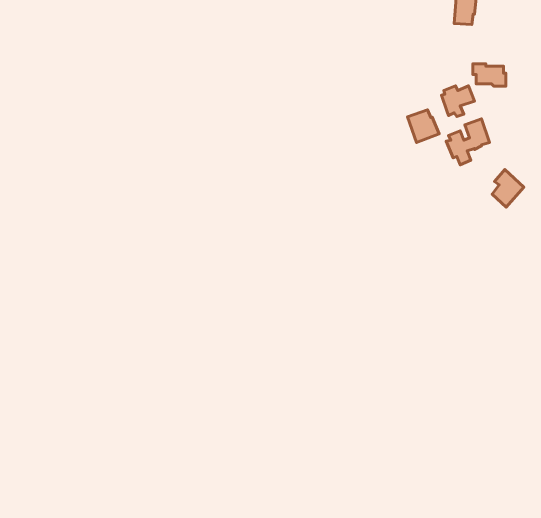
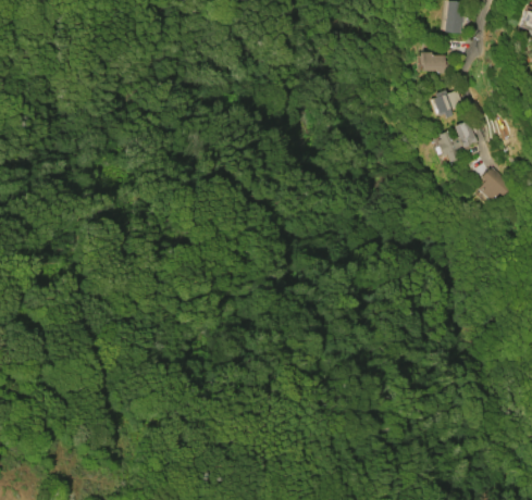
building: [473,64,506,86] -> [418,53,448,74]
building: [408,110,439,142] -> none

